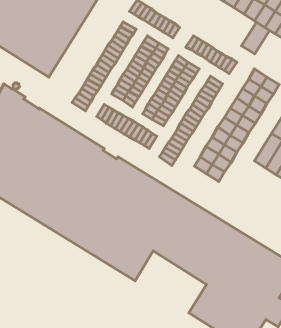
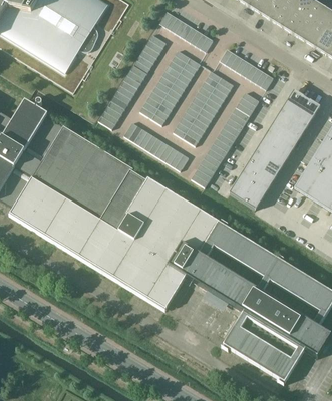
building: [241,22,269,54] -> none

